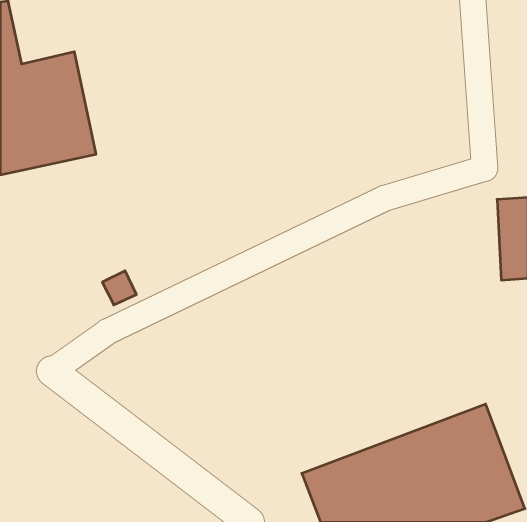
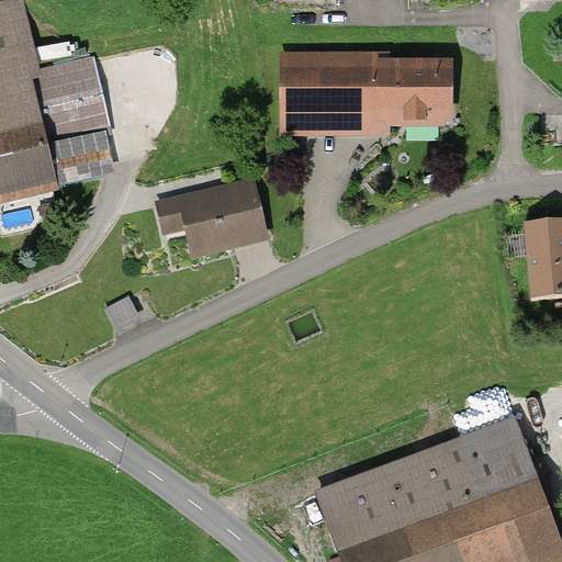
building: none -> [278,61,442,127]
building: none -> [157,182,262,257]

